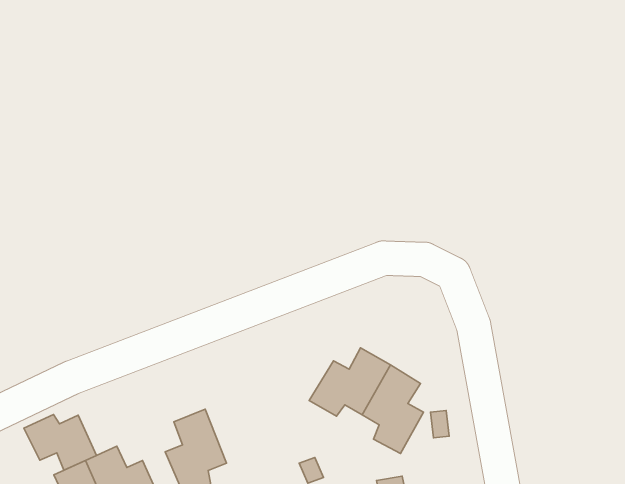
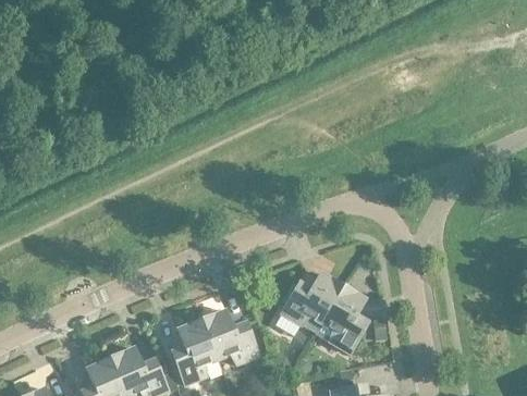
building: none -> [200,310,258,363]
building: [24,415,96,470] -> none

